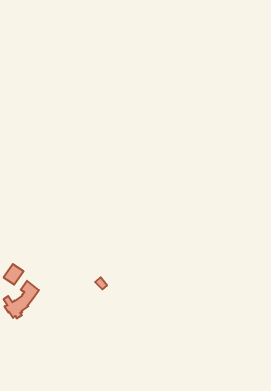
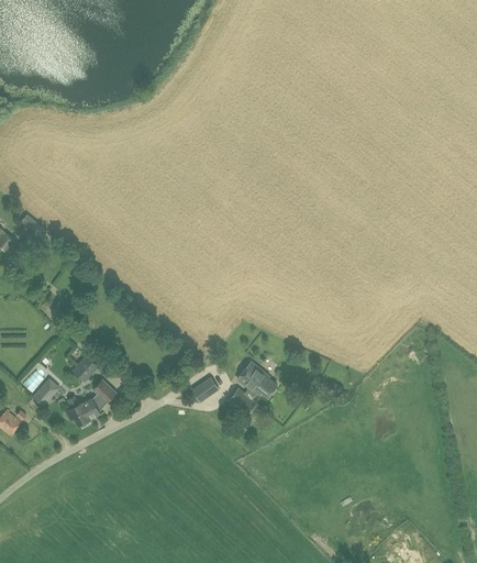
building: none -> [237,361,277,398]

